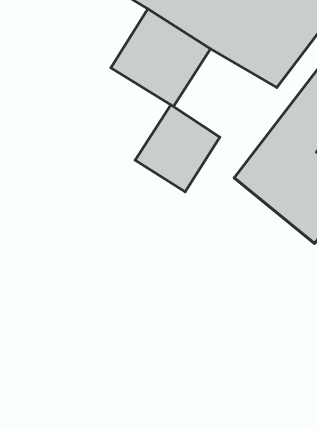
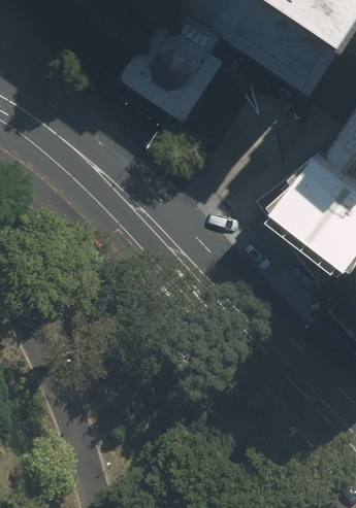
building: [135,105,220,192] -> none

